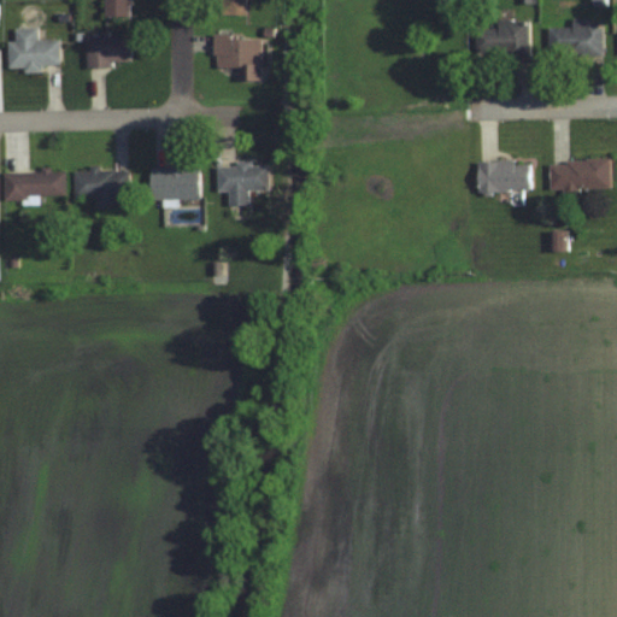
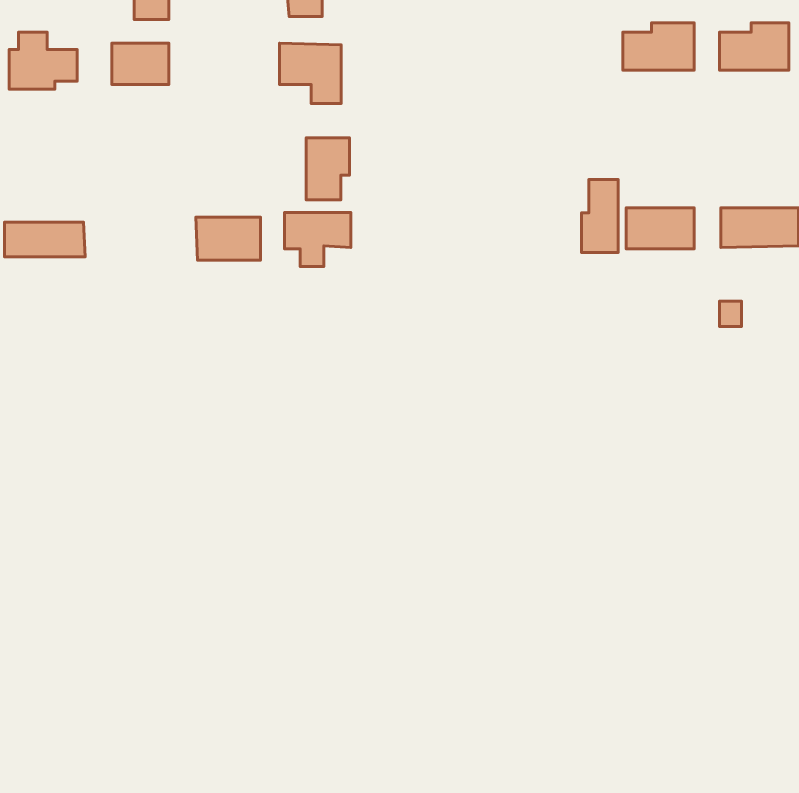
building: none -> [306,138,349,200]
building: none -> [582,179,618,253]
building: [75,169,129,207] -> none

